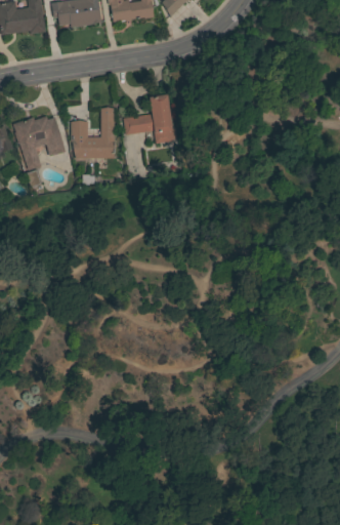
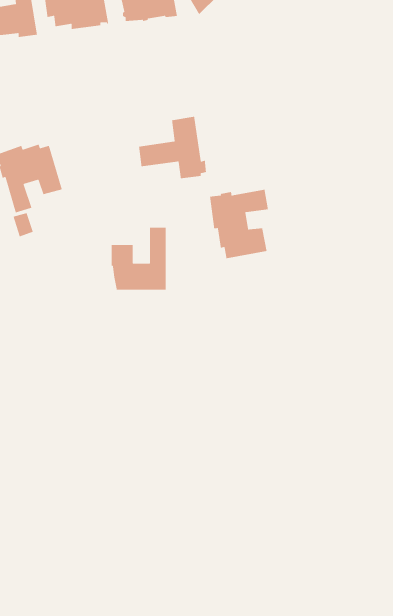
building: [71,109,114,158] -> [111,227,166,290]
building: none -> [209,189,269,259]

